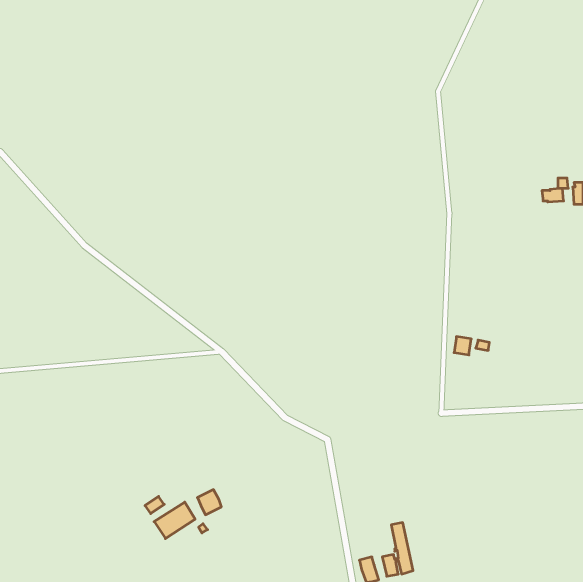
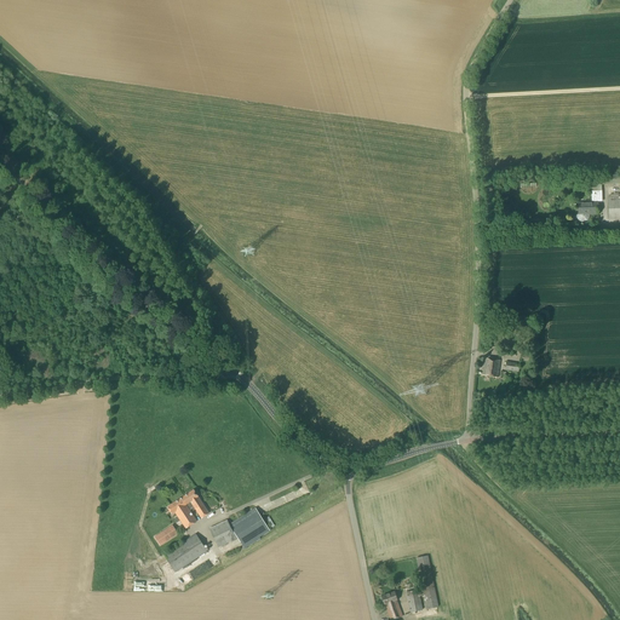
building: none -> [171,489,209,527]
building: none -> [229,507,266,541]

